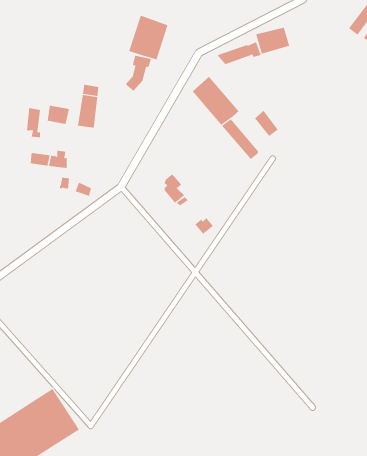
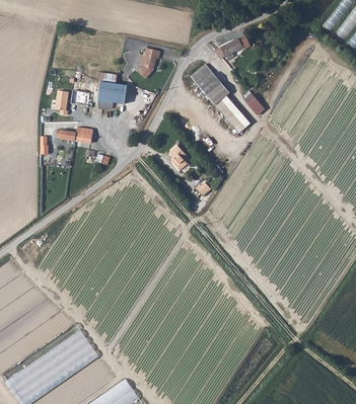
building: [128,15,168,60] -> none
building: [255,27,290,55] -> none

